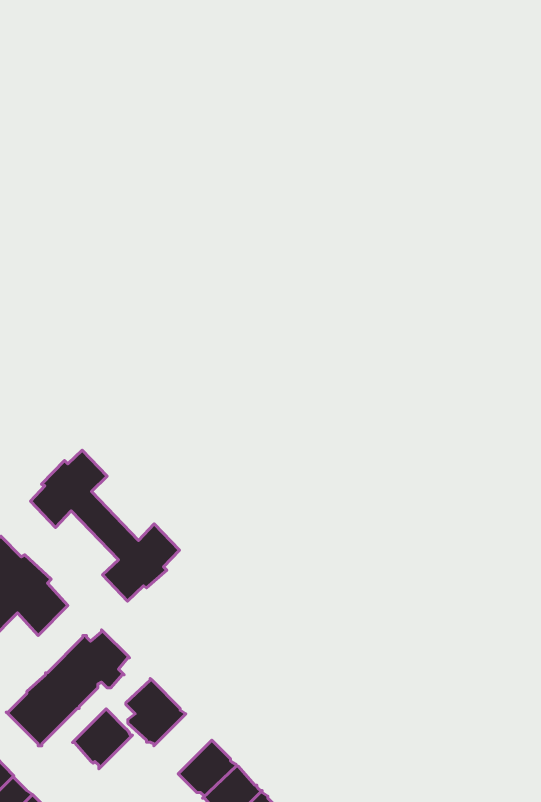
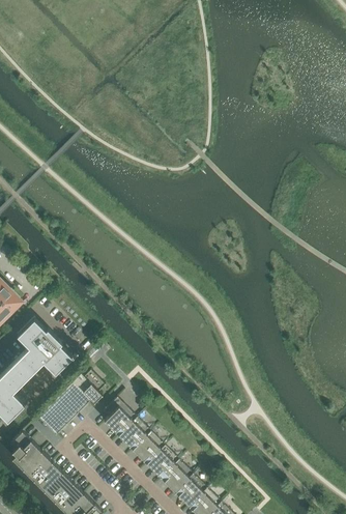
building: [30,450,179,601] -> none
building: [73,709,132,769] -> [117,419,150,452]

